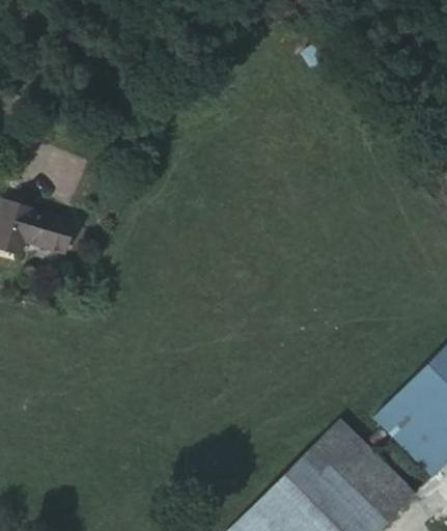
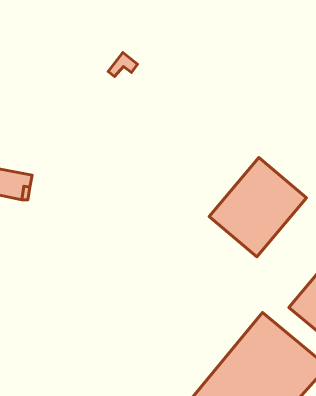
building: none -> [209,157,307,257]

